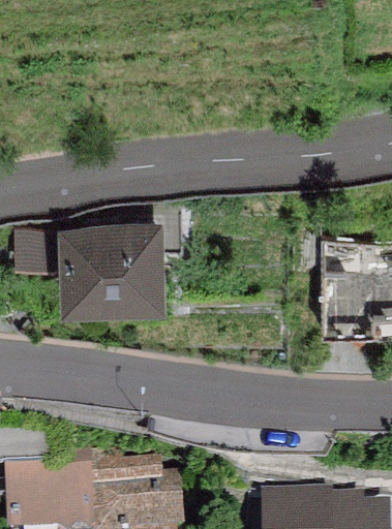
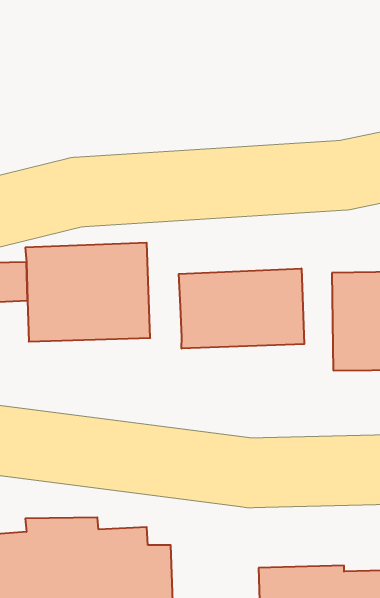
building: none -> [179,268,304,349]

